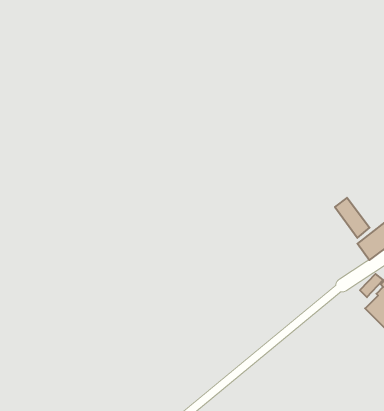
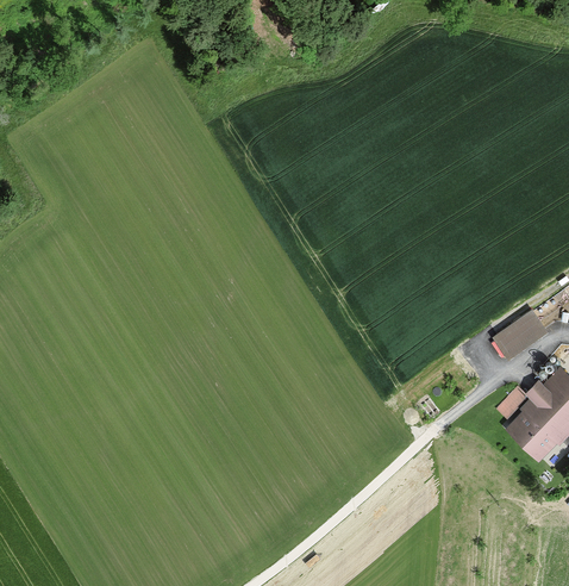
building: [335,198,370,238] -> none

